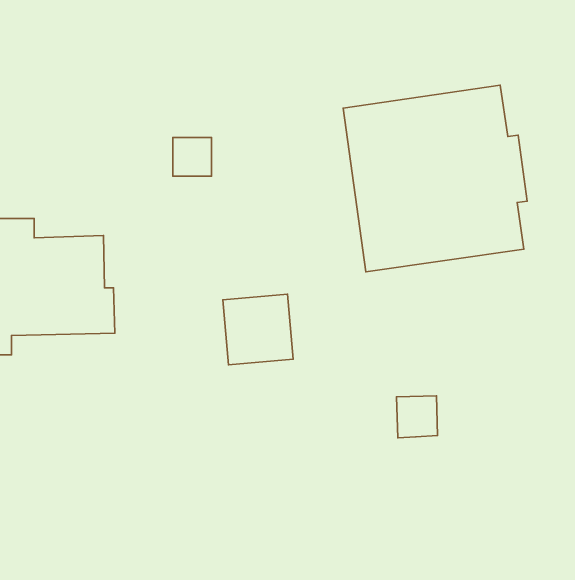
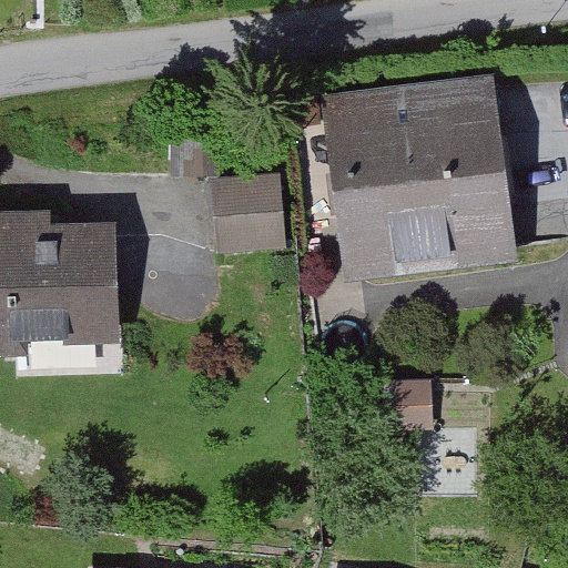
building: [223,294,293,365] -> [214,181,283,250]

